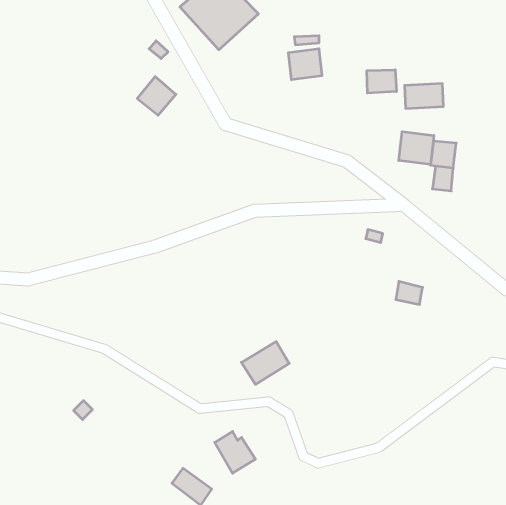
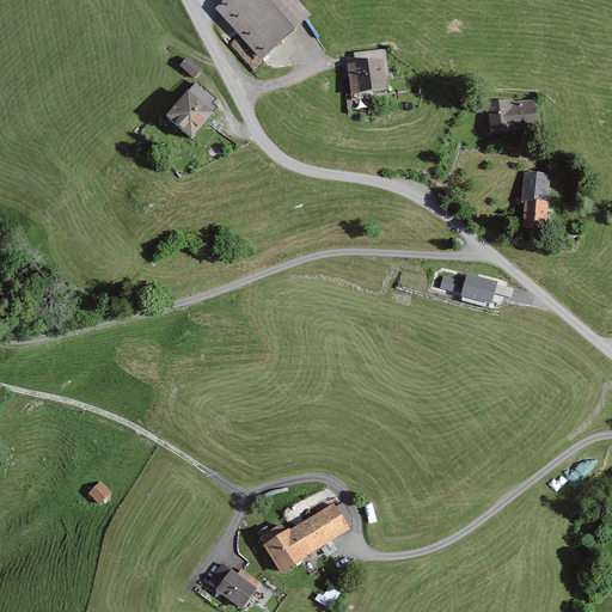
building: [367,70,396,93] -> none
building: [399,132,434,164] -> none
building: [396,281,423,304] -> [463,275,495,302]
building: [241,342,289,384] -> [290,501,348,552]

